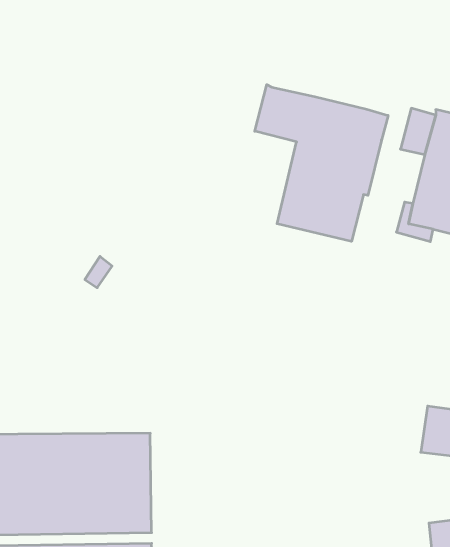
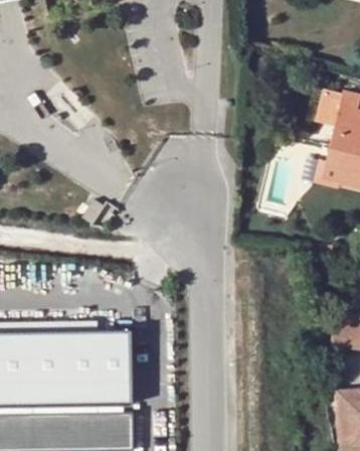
building: [255,85,388,241] -> none

